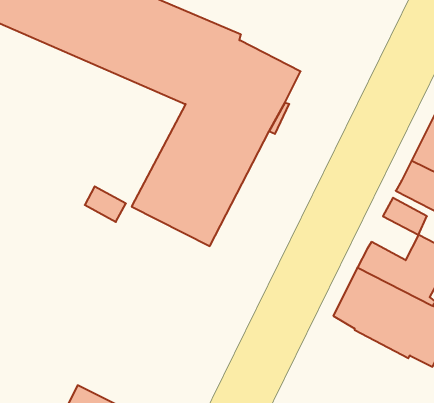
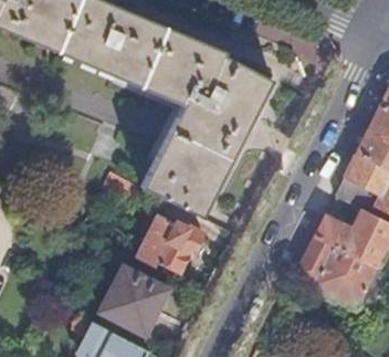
building: none -> [136,214,202,270]
building: none -> [101,266,168,335]

